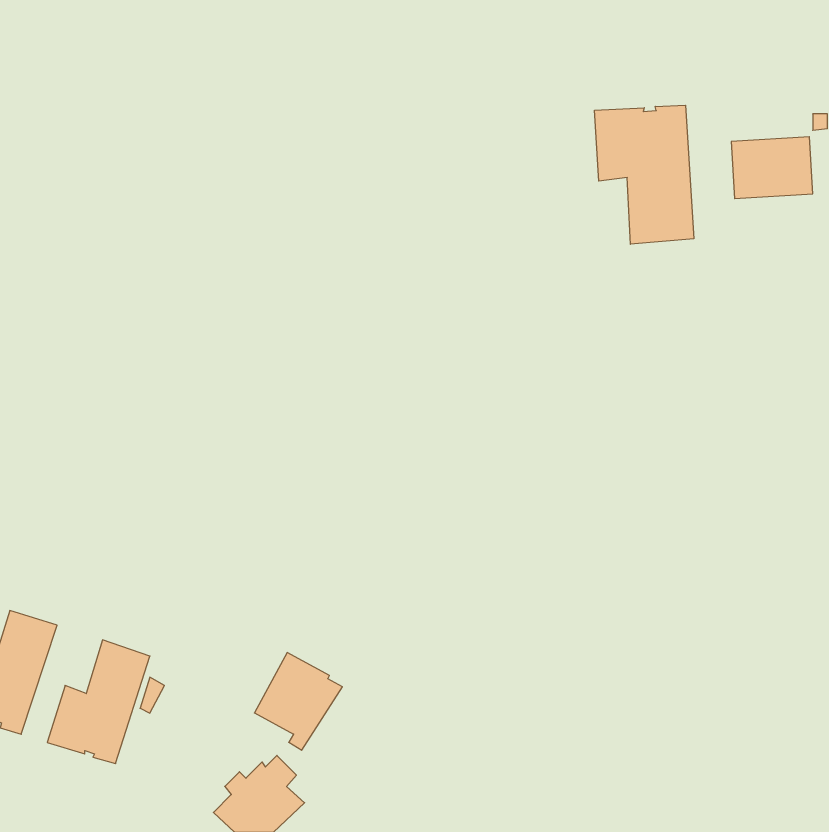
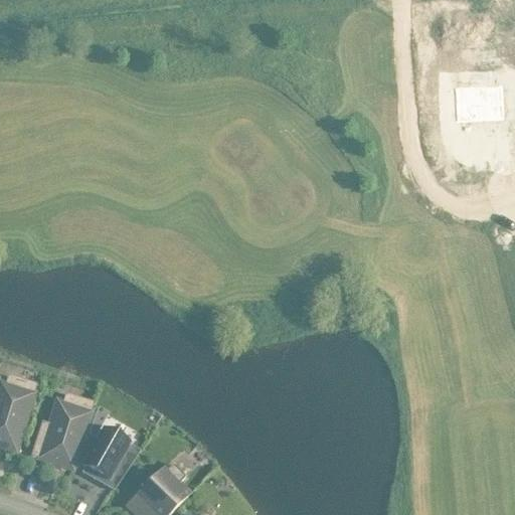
building: [595,105,694,244] -> none
building: [254,653,342,750] -> [82,433,137,493]

